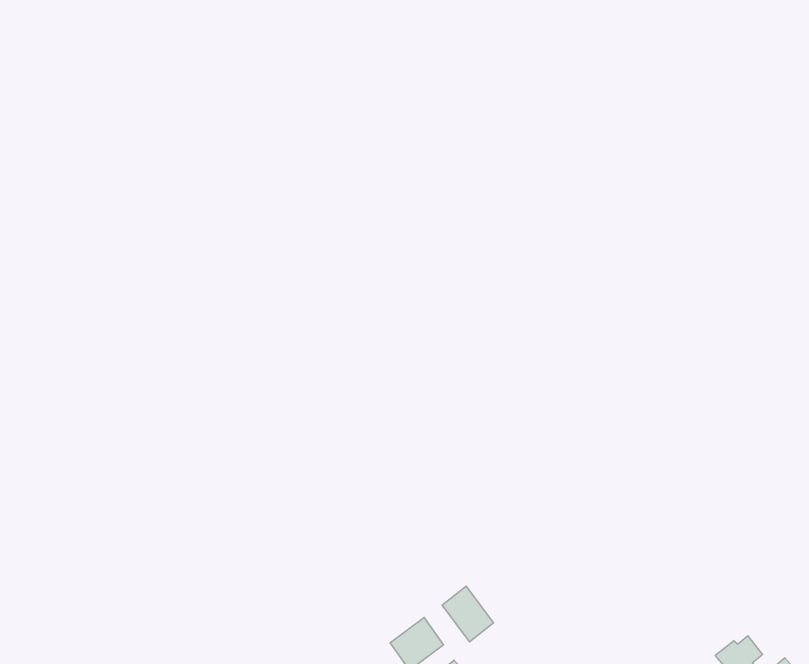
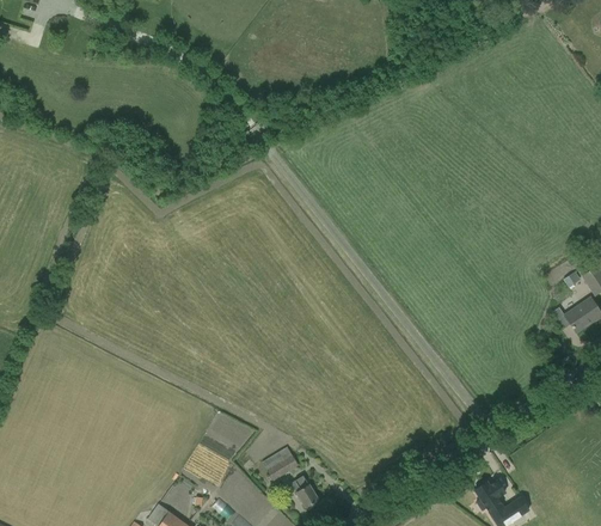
building: [442,586,493,642] -> none

